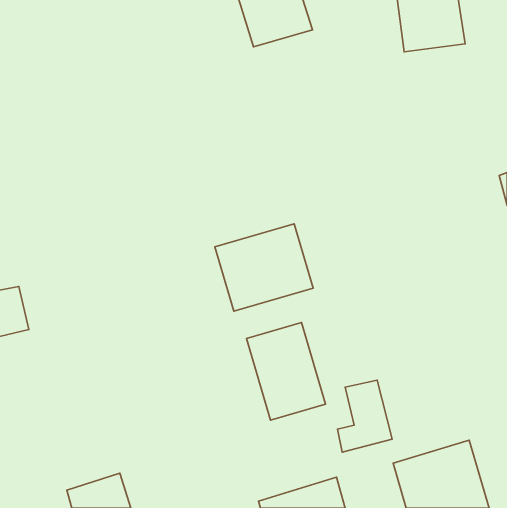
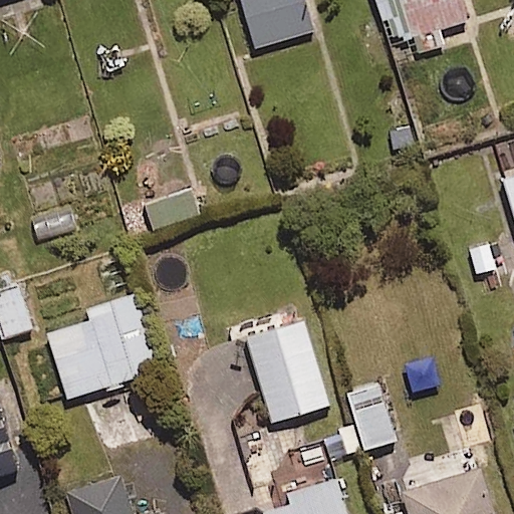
building: [215,224,313,311] -> none
building: none -> [46,295,158,401]

